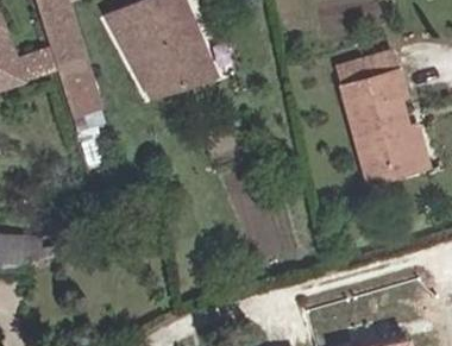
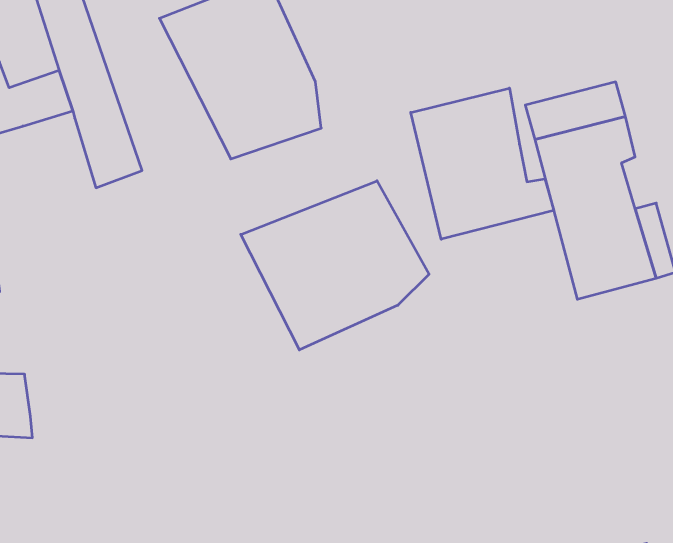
building: none -> [411,88,554,239]
building: none -> [241,181,429,350]

